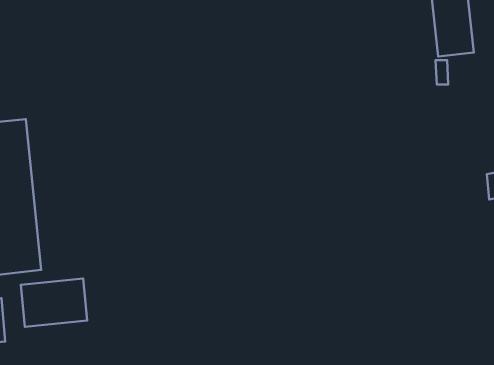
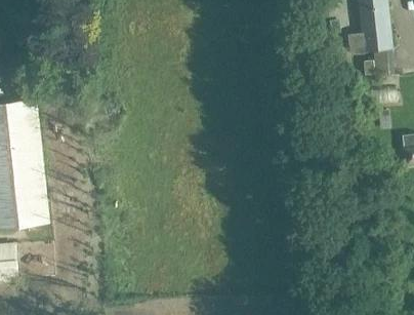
building: [21,279,87,327] -> none

